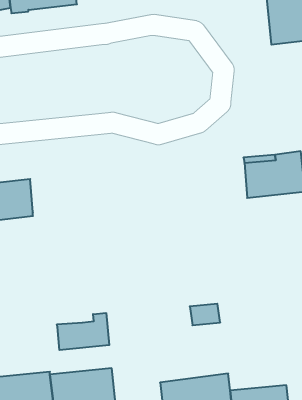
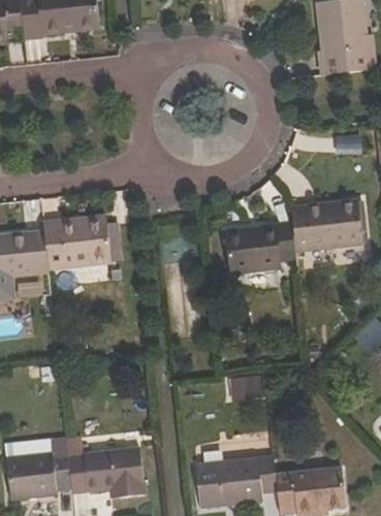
building: none -> [43,215,110,267]
building: none -> [224,221,297,275]
building: [57,313,109,350] -> none

